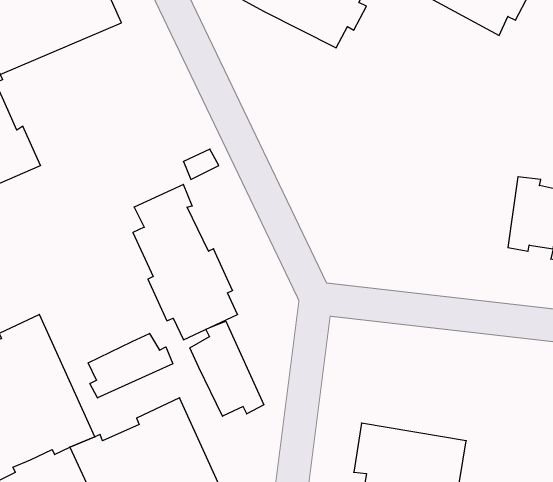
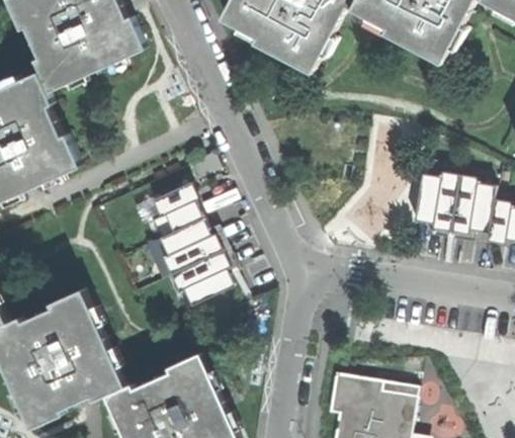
building: none -> [416,172,460,232]
building: [190,321,264,416] -> none
building: [88,333,173,398] -> none

